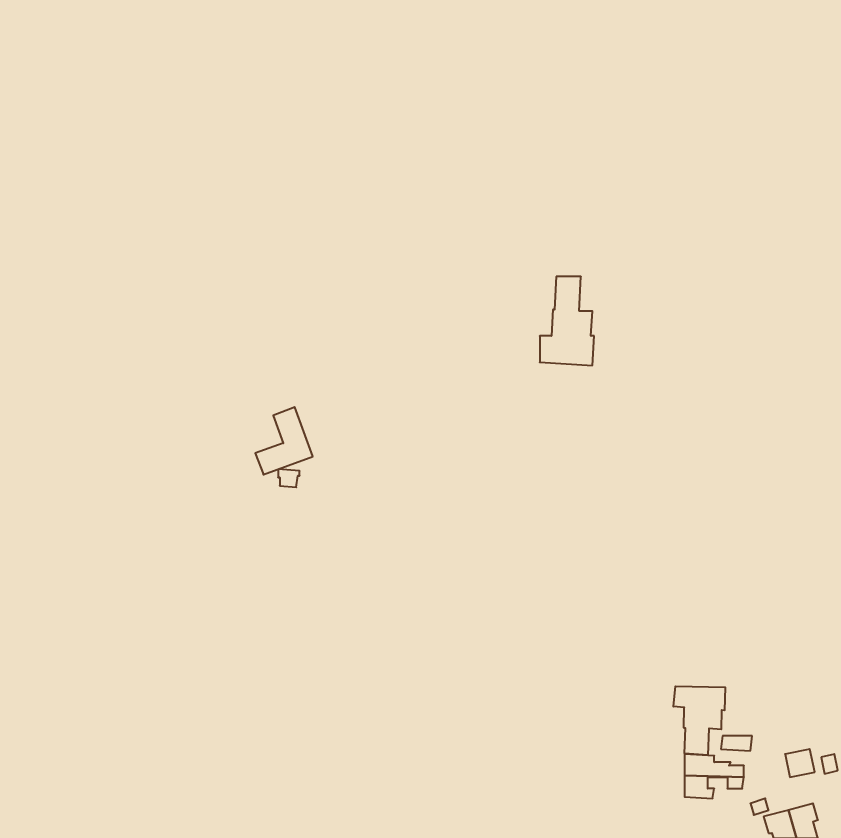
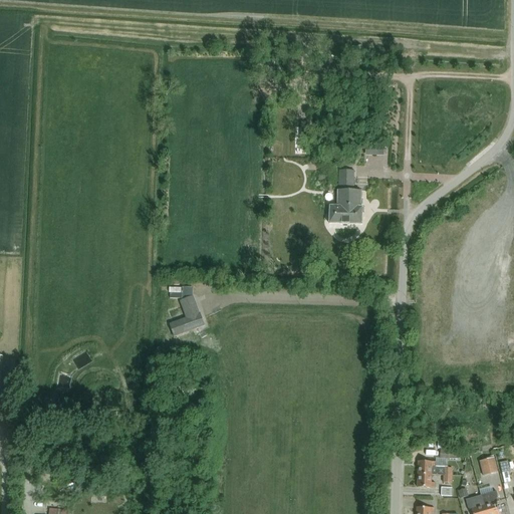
building: [255,407,313,475] -> [169,294,204,335]
building: [673,686,725,755] -> none

